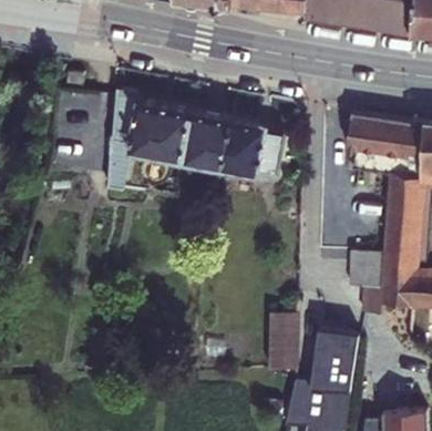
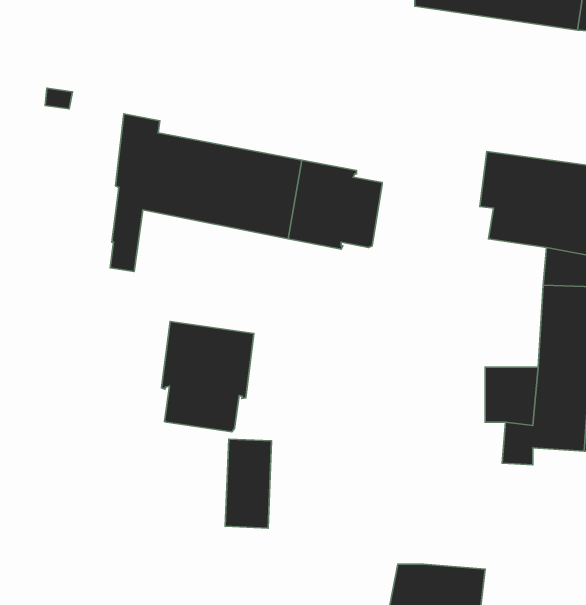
building: none -> [162,322,254,432]
building: [268,315,298,372] -> [225,439,271,528]
building: [311,329,359,383] -> none

